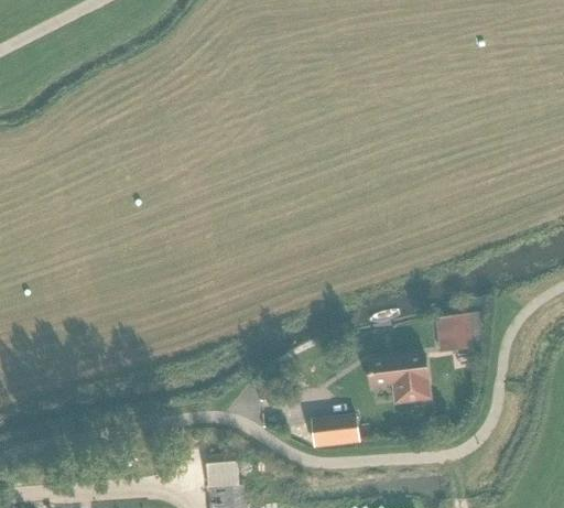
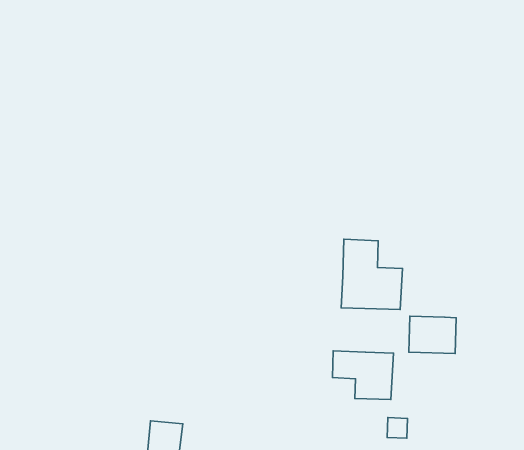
building: none -> [341,239,402,310]
building: [311,417,358,448] -> none

